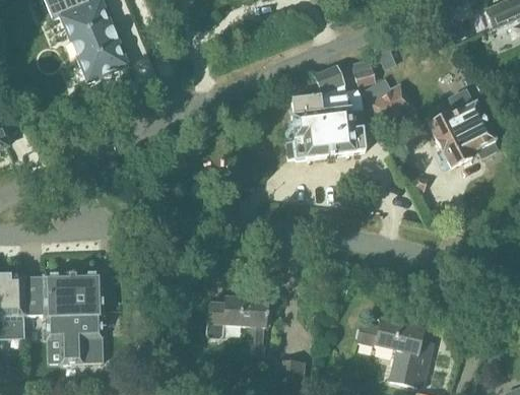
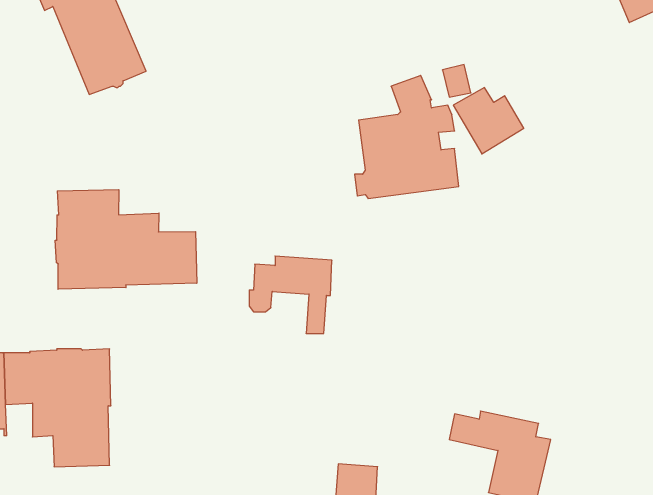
building: [429,89,497,171] -> none
building: none -> [55,190,197,289]
building: [205,298,267,355] -> [249,256,332,333]

